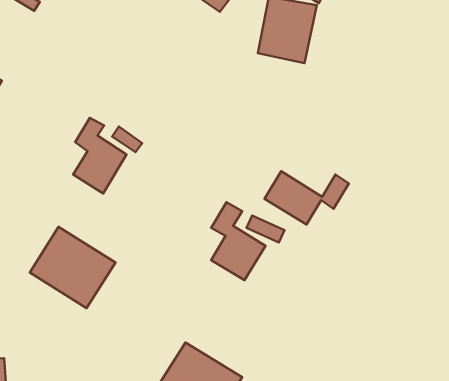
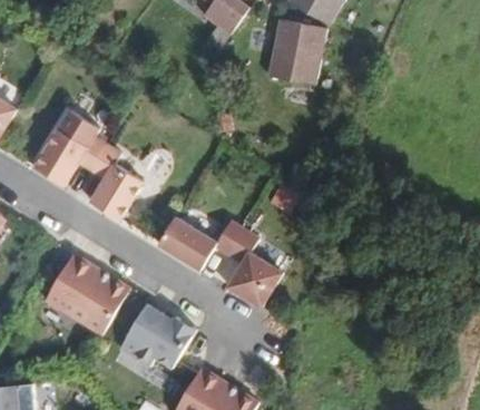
building: none -> [30,126,102,183]
building: [264,171,349,225] -> [155,215,239,269]
building: none -> [117,303,194,377]

